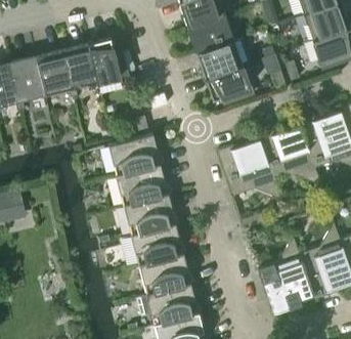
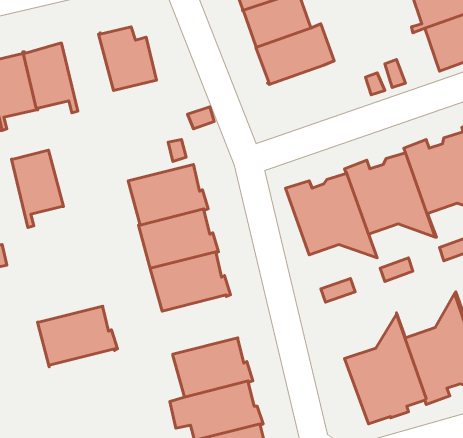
building: [61,44,97,97] -> [12,150,63,227]
building: [205,66,252,104] -> none
building: [130,224,185,266] -> [37,306,118,367]

